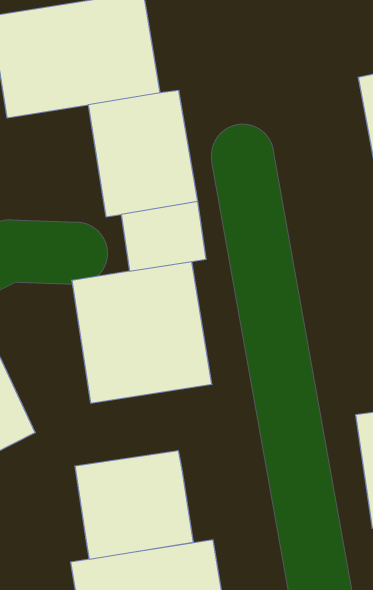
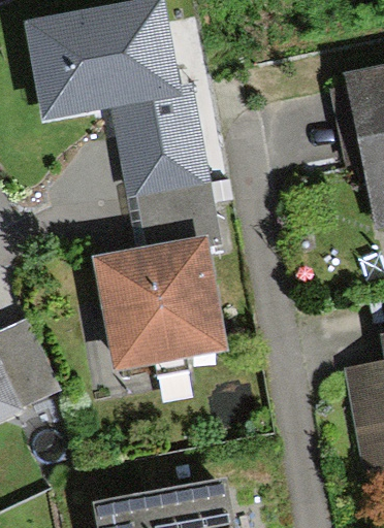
building: [75,451,193,559] -> none

